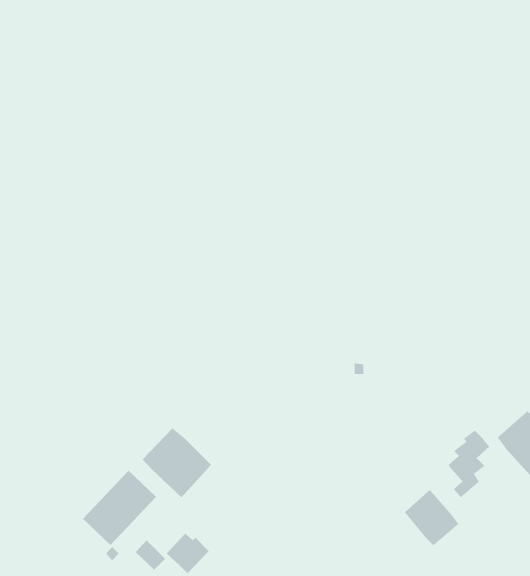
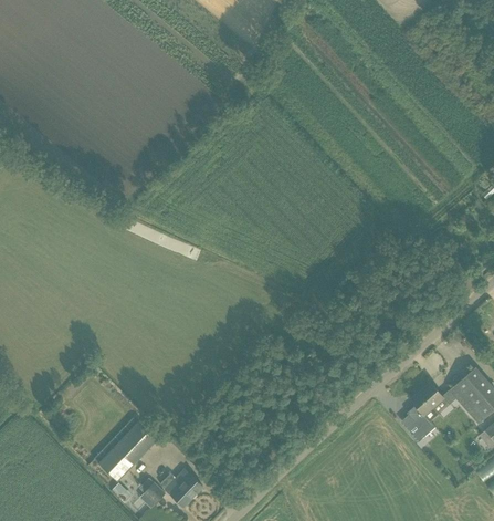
building: [142,428,212,498] -> none
building: [404,489,459,546] -> none

